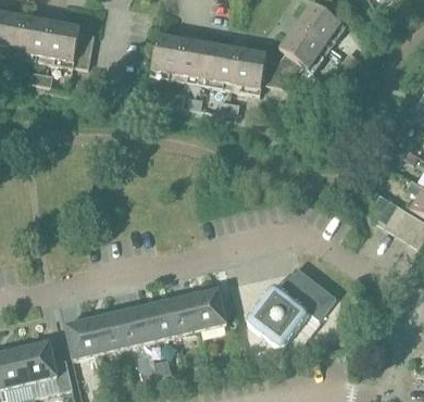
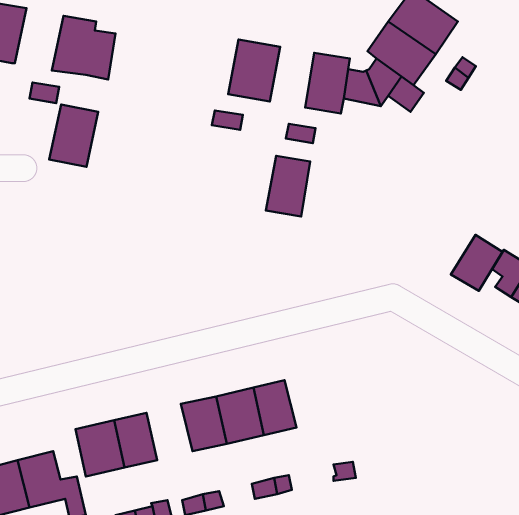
building: [21,15,57,61] -> [49,105,98,167]
building: [151,33,185,78] -> none
building: [208,43,240,88] -> [266,156,310,216]
building: none -> [451,235,502,291]
building: [247,277,324,346] -> none
building: [117,305,151,347] -> none

